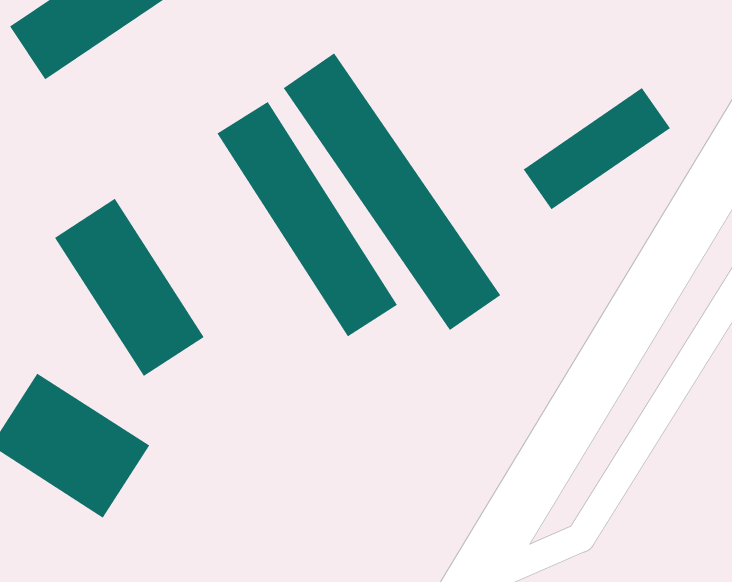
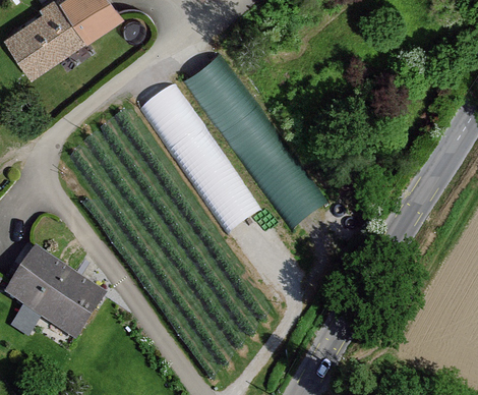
building: [523,87,671,210] -> none
building: [54,198,204,377] -> none

